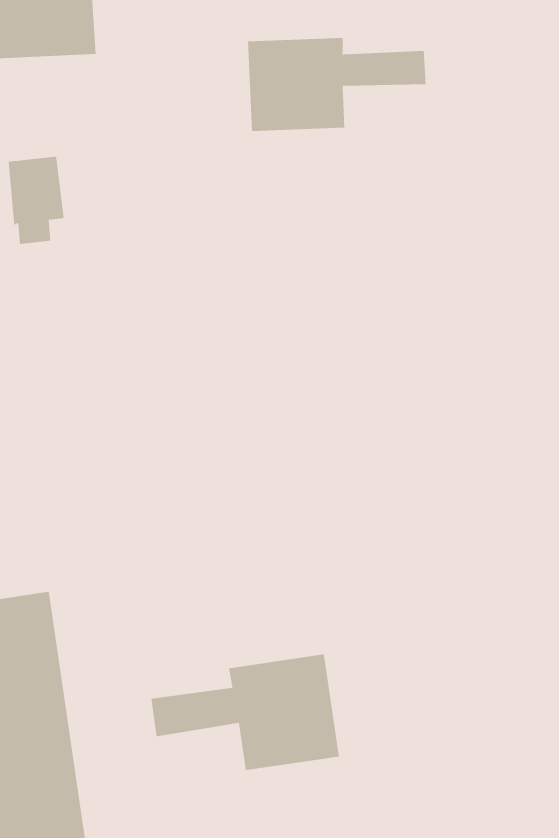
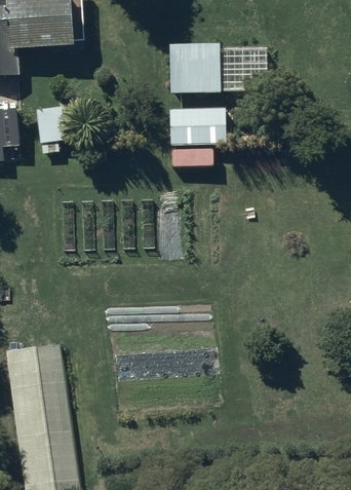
building: none -> [167,105,225,164]
building: [151,654,339,771] -> none

